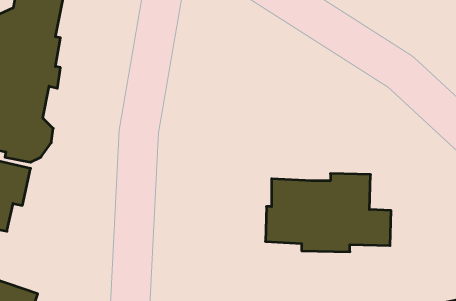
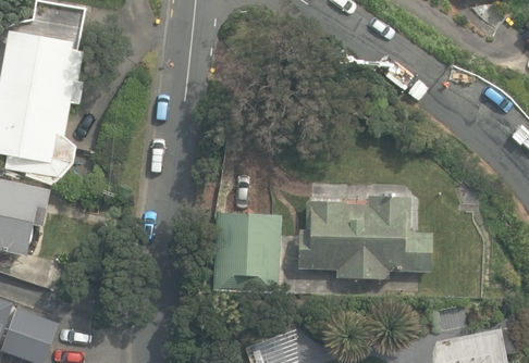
building: none -> [213,209,281,292]

